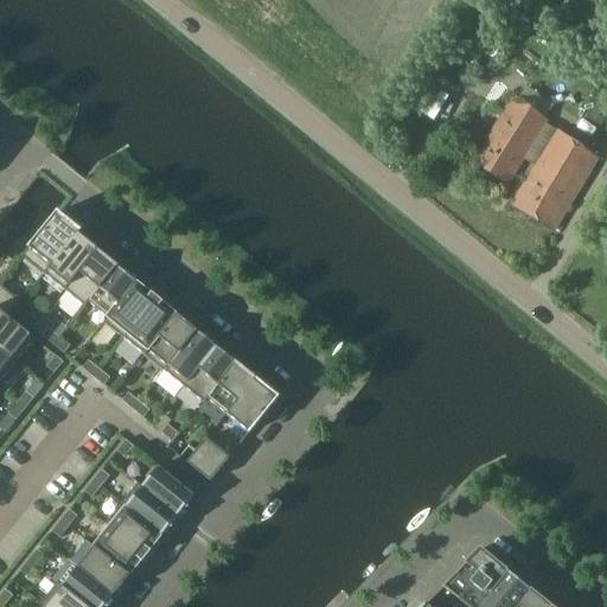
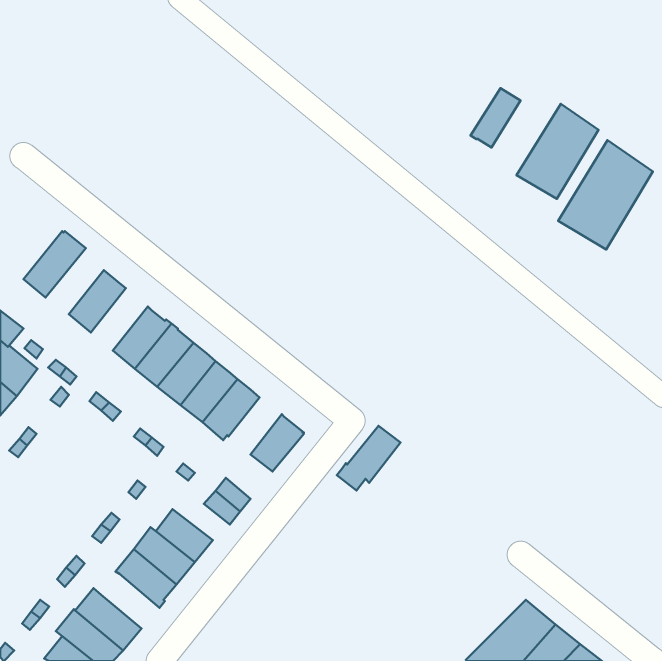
building: none -> [471,88,521,147]
building: [43,226,96,287] -> none
building: [84,263,136,315] -> none
building: [200,363,258,422] -> [337,426,400,491]
building: [94,524,147,574] -> none

